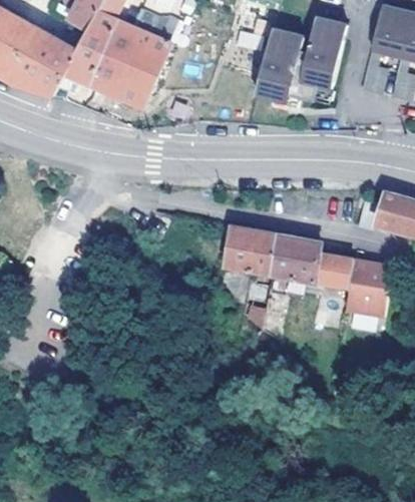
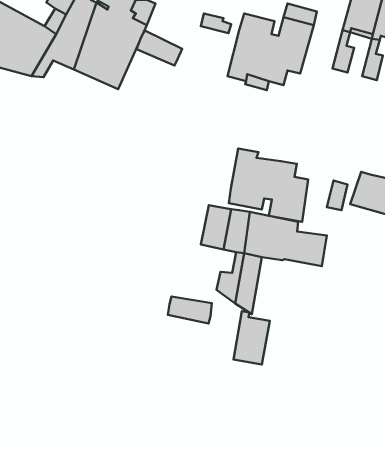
building: none -> [137,30,182,66]
building: none -> [229,149,308,222]
building: [345,257,391,315] -> none
building: none -> [168,297,212,324]
building: none -> [233,311,270,365]

